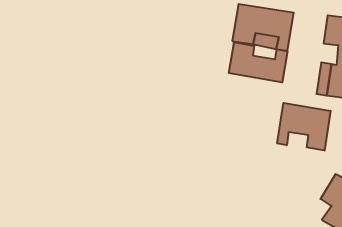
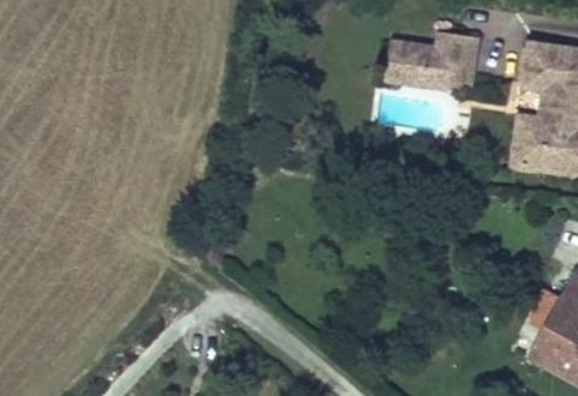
building: [229,42,287,83] -> none
building: [277,103,331,151] -> none

